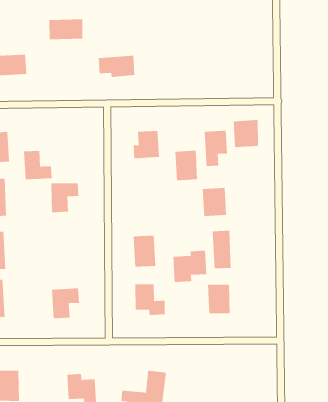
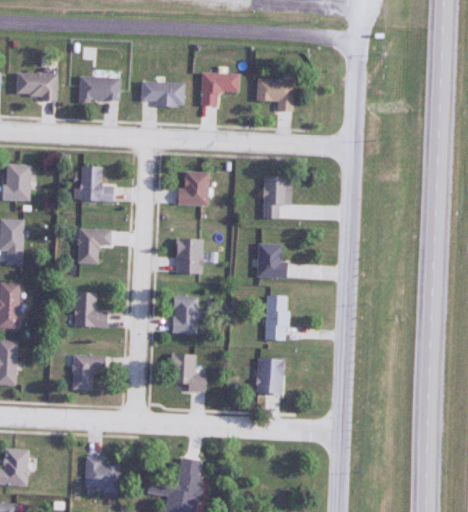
building: [48,19,83,40] -> [79,76,121,101]
building: none -> [201,72,239,106]
building: none -> [256,79,294,111]
building: [233,119,259,148] -> none
building: [174,150,198,181] -> [176,238,202,273]
building: [23,150,53,180] -> [81,166,114,200]
building: none -> [74,291,106,326]
building: [173,250,207,283] -> none

